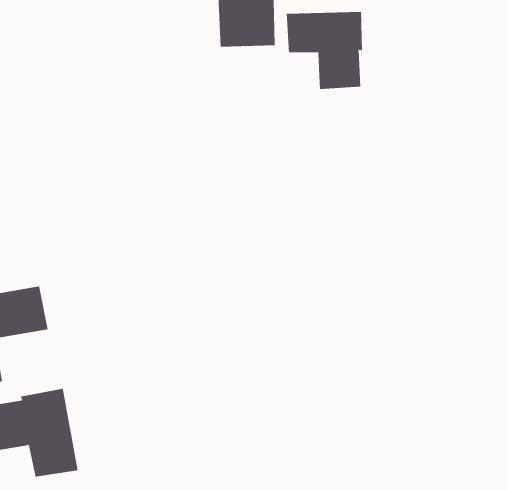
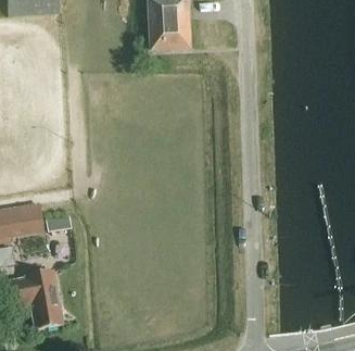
building: [286,11,362,90] -> none

